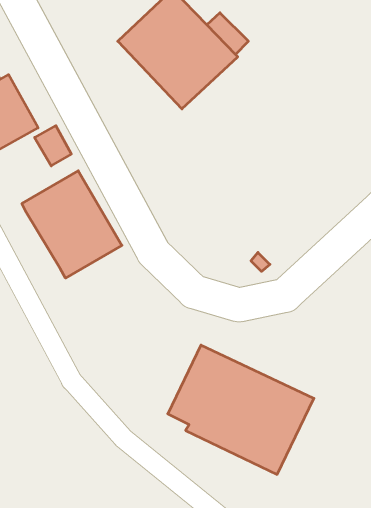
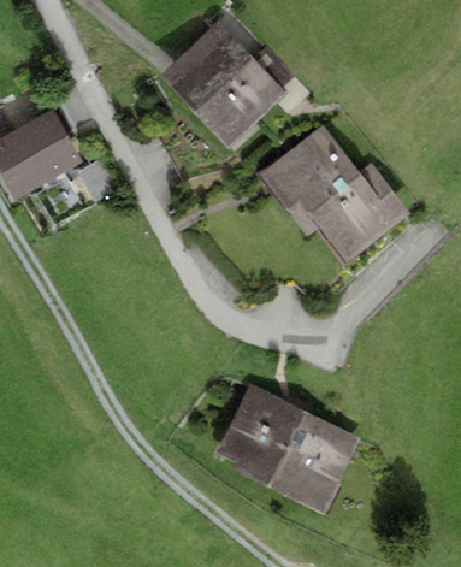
building: none -> [259,124,410,262]
building: [22,171,122,278] -> none

